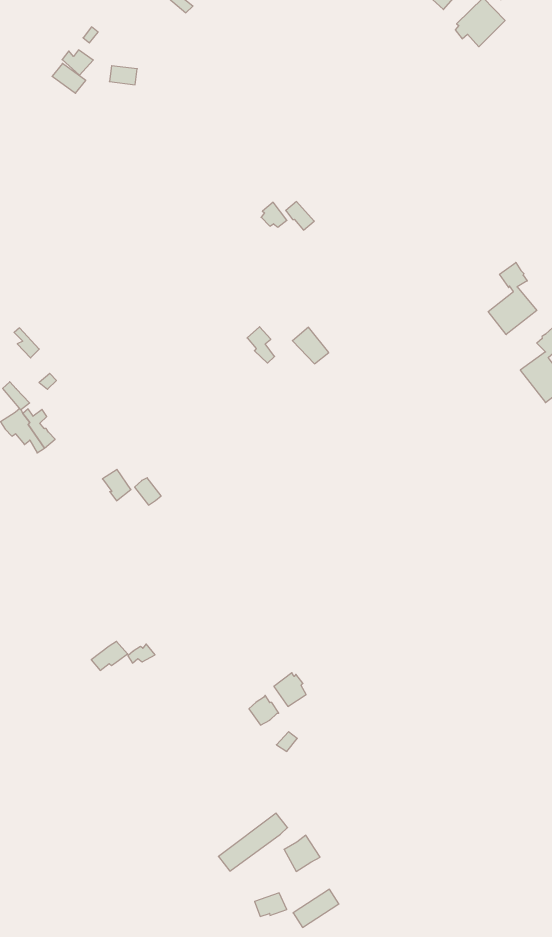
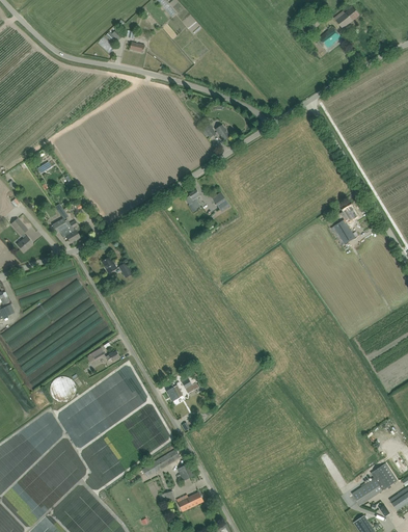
building: [488,262,537,335] -> none

